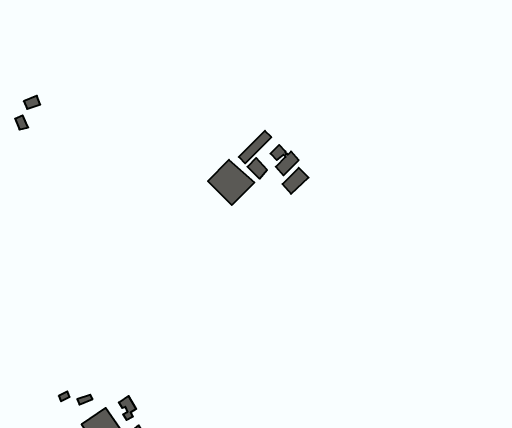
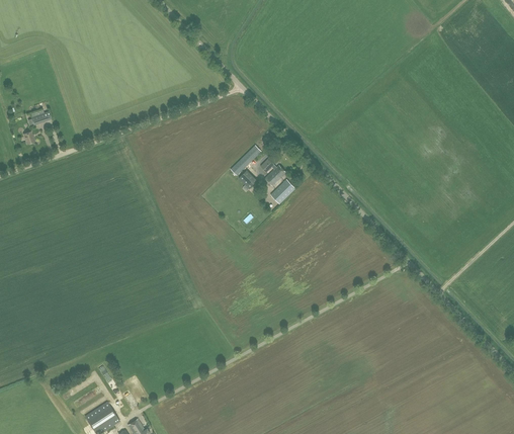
building: [208,160,254,205] -> none

